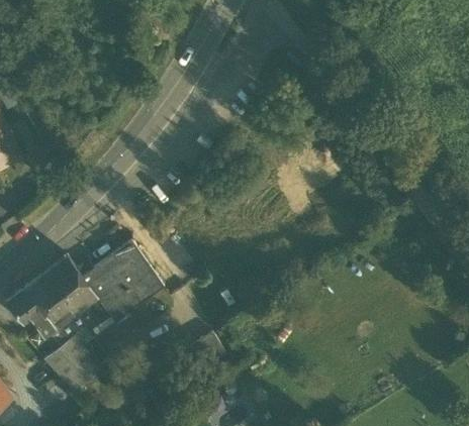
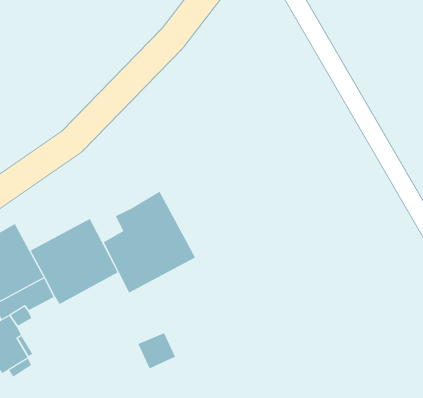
building: none -> [103,191,196,293]

